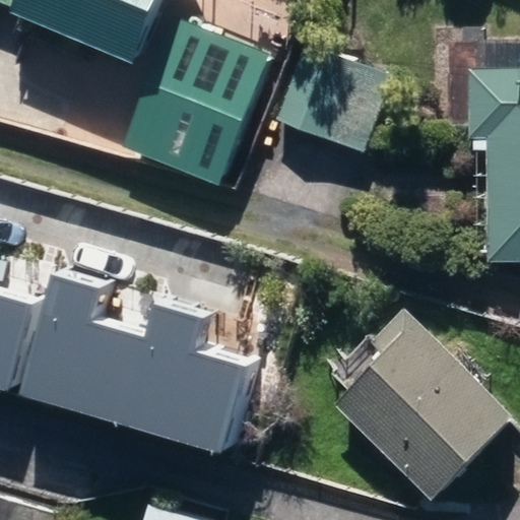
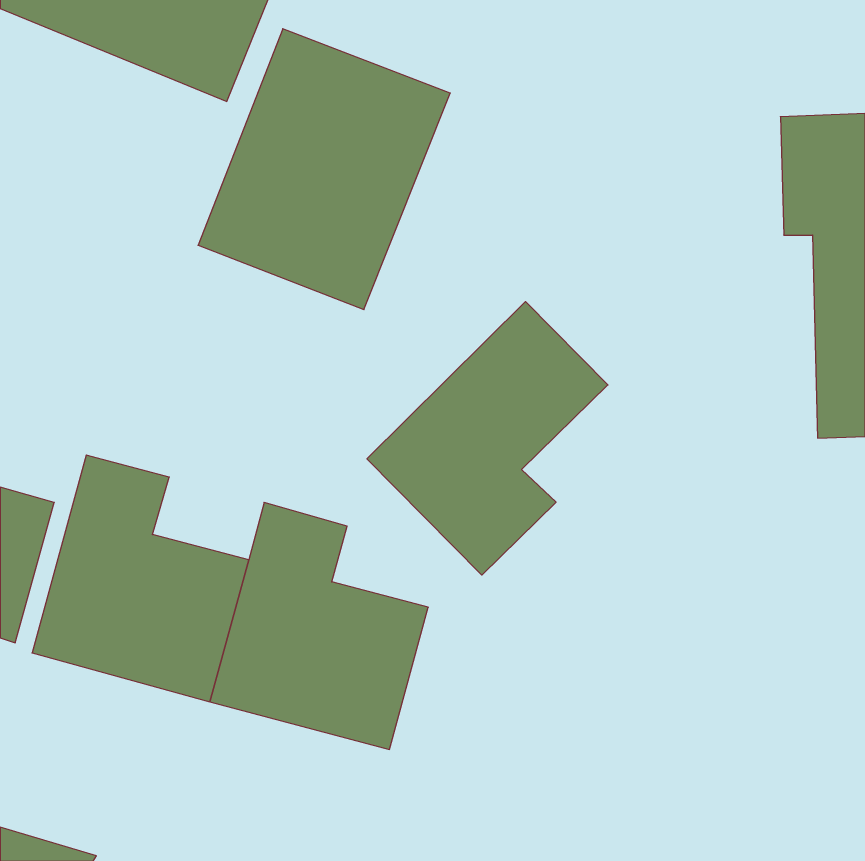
building: [278,44,393,152] -> none
building: none -> [367,302,608,575]
building: [337,311,514,503] -> none

